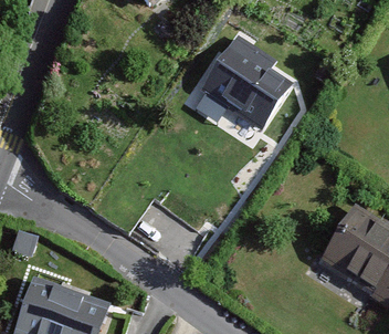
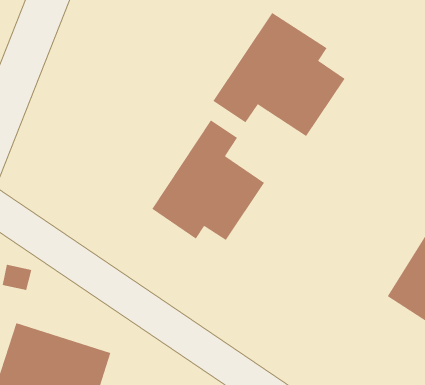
building: none -> [152,120,265,241]

